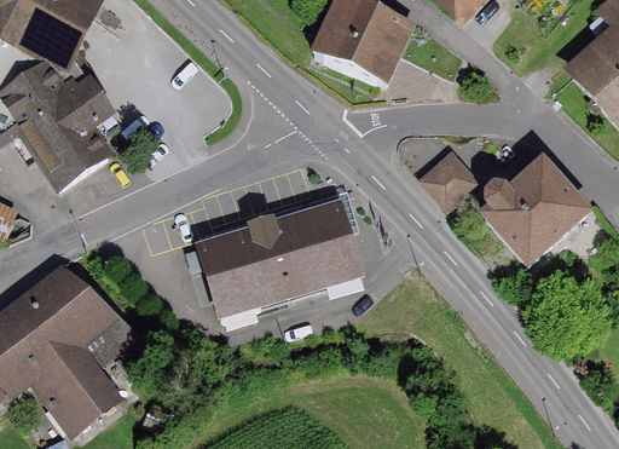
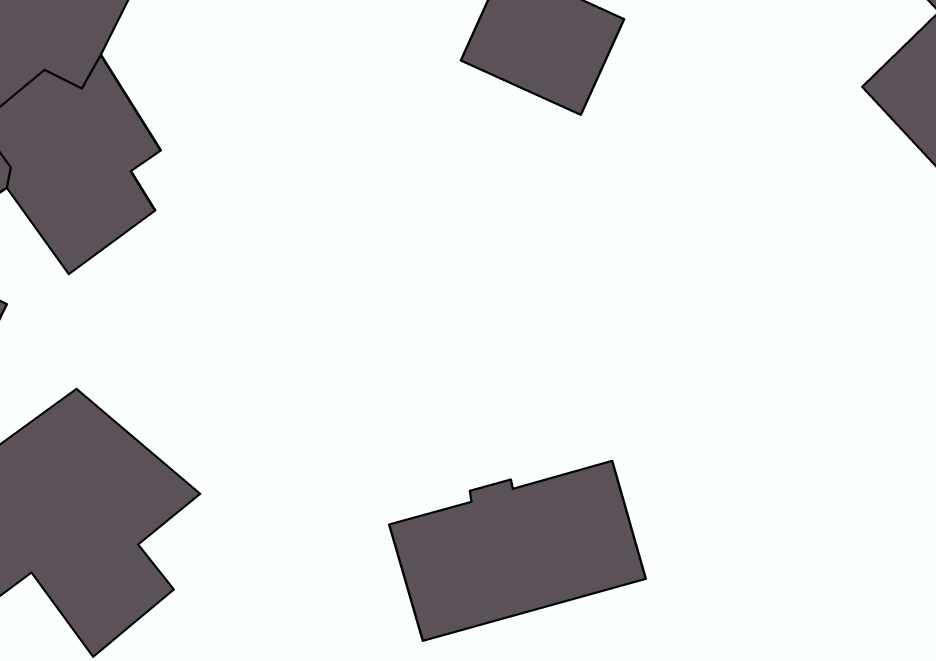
building: [417,150,481,213] -> none
building: [473,169,582,270] -> none
building: [196,200,361,316] -> [389,461,646,641]

